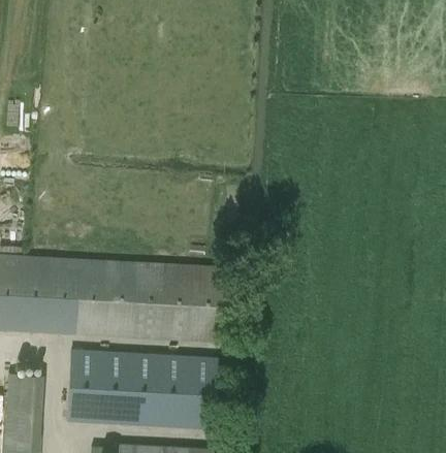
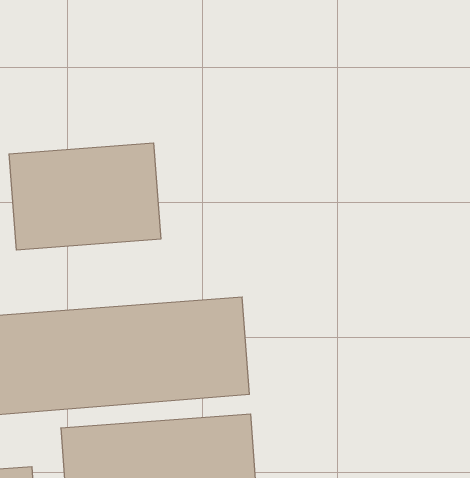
building: none -> [9,143,161,250]

